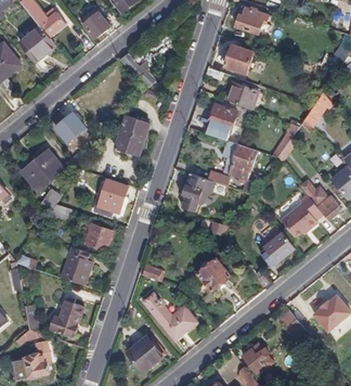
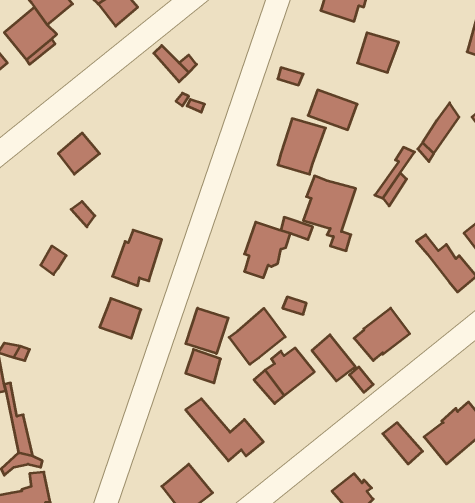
building: [225,46,254,73] -> [357,33,399,72]
building: [114,116,148,156] -> none
building: [22,149,65,191] -> none
building: [282,194,323,236] -> none
building: none -> [186,308,228,354]
building: none -> [229,308,285,364]
building: [62,246,92,284] -> none
building: none -> [312,335,355,381]
building: [52,295,83,336] -> none

